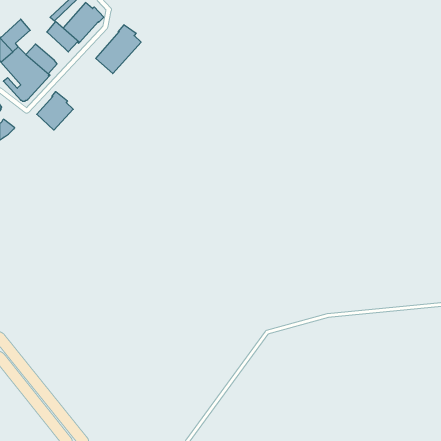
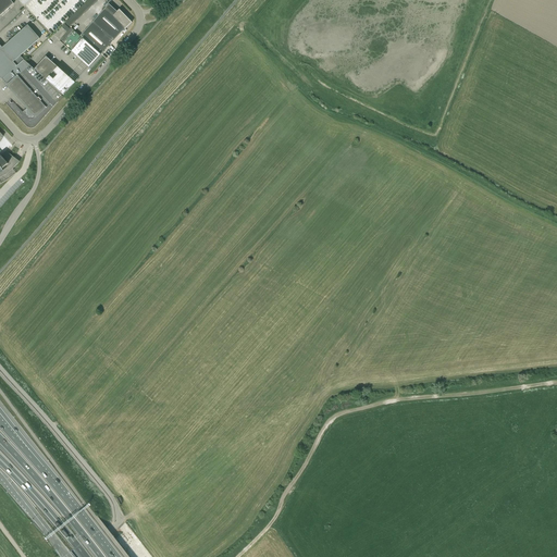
building: [96,25,141,74] -> none
building: [37,92,73,130] -> none

